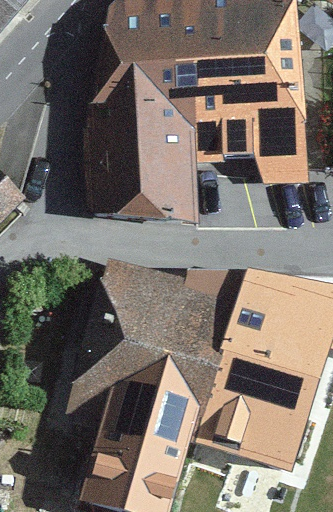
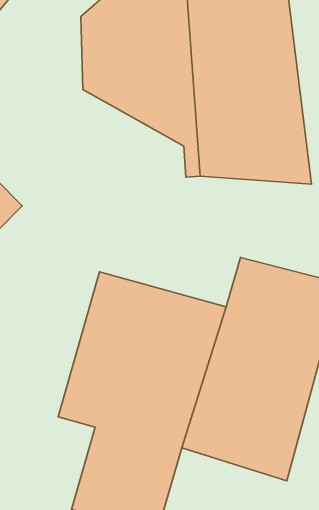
building: [90,91,200,229] -> none

